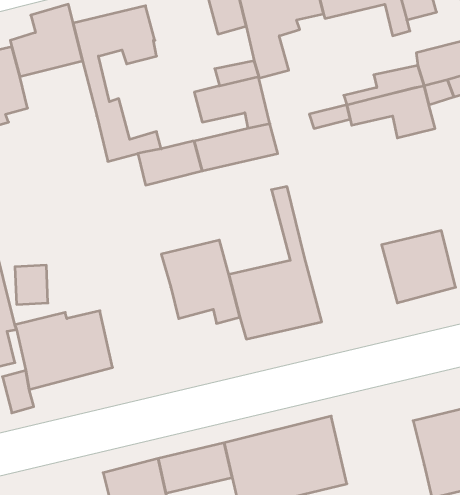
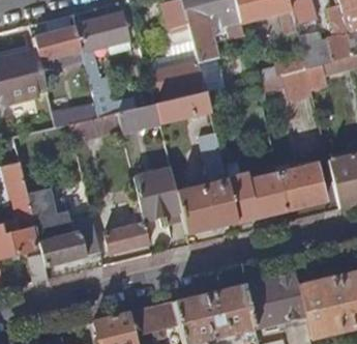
building: none -> [71,112,123,144]
building: none -> [228,172,289,227]
building: none -> [106,200,151,254]
building: none -> [245,273,306,329]

